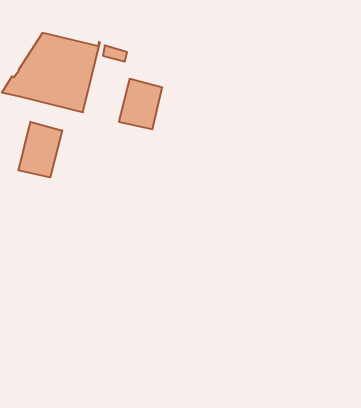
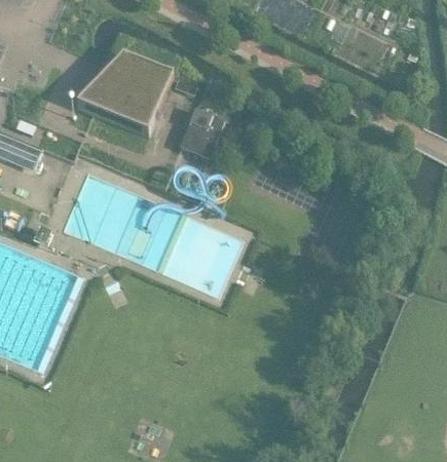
building: [18,122,62,177] -> none

